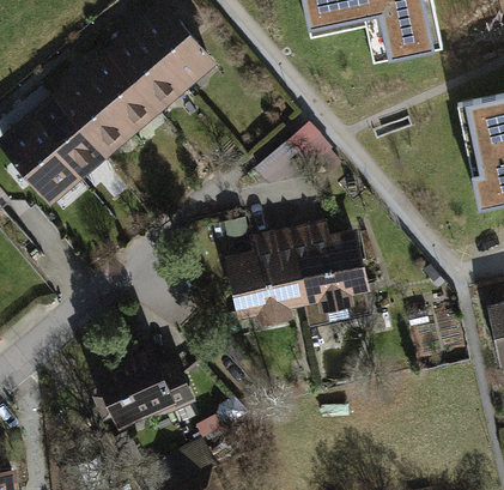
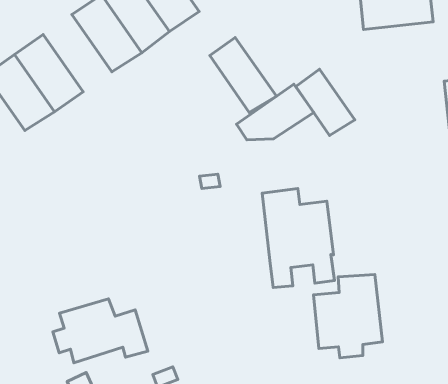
building: [57,78,129,153] -> none
building: none -> [210,37,276,113]
building: none -> [296,69,355,135]
building: [231,236,304,322] -> [313,274,383,358]

